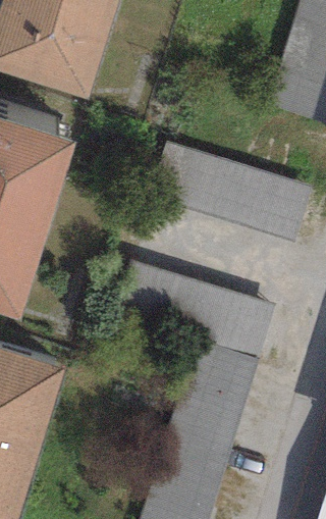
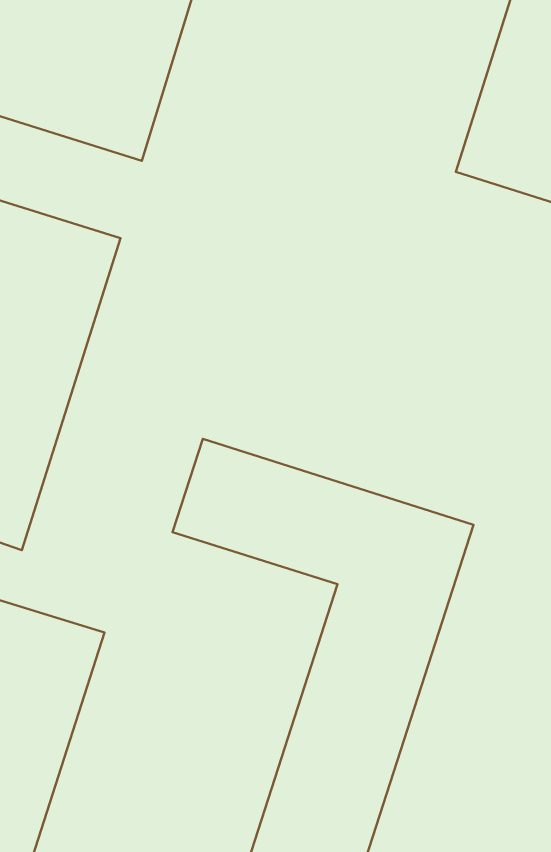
building: [149,142,310,239] -> none

